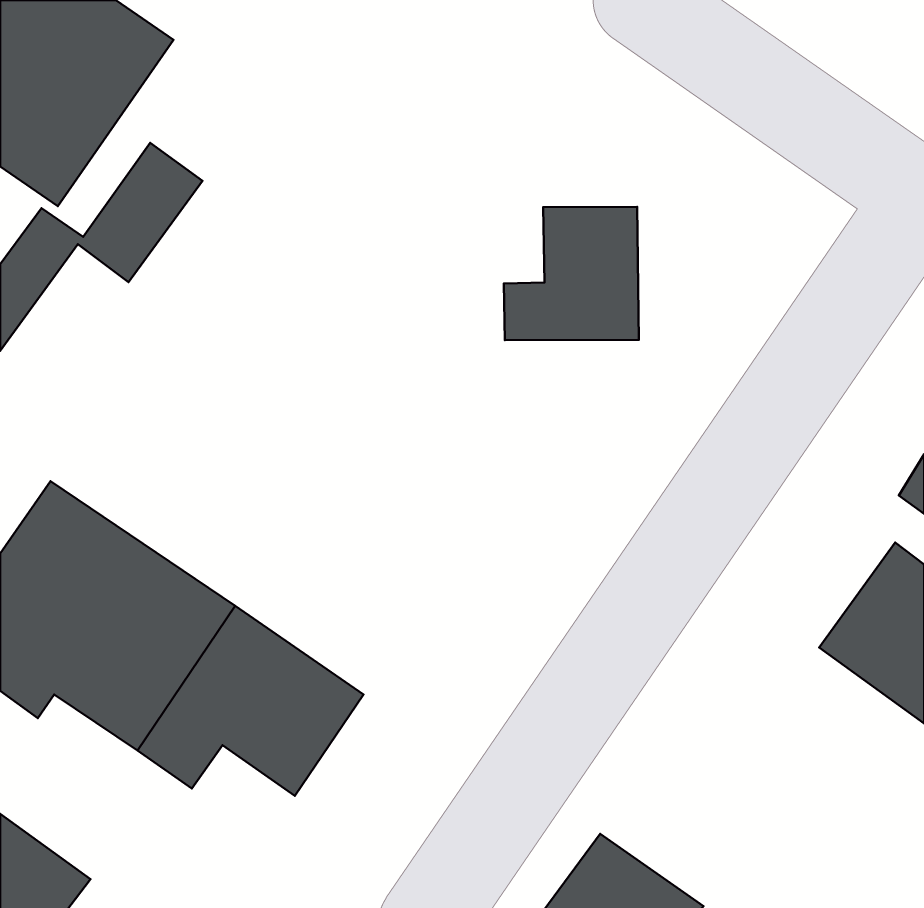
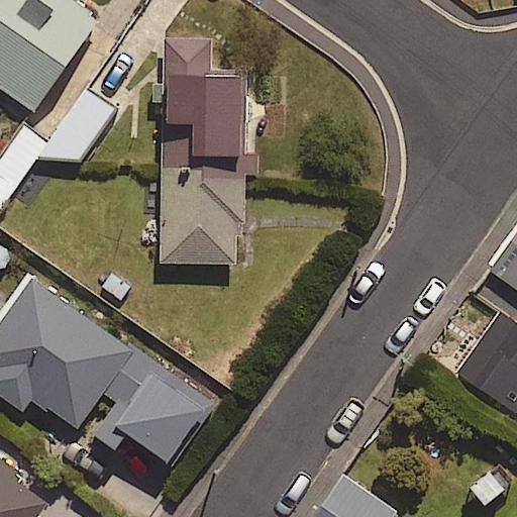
building: none -> [160,37,252,263]
building: [504,207,639,340] -> none

